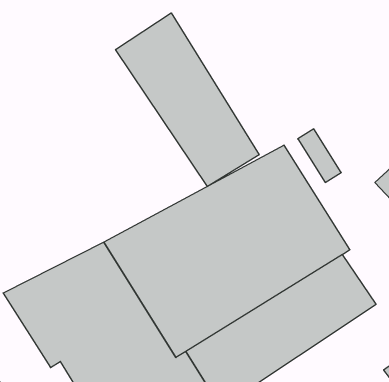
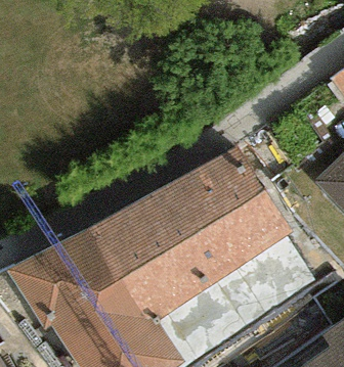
building: [116,13,259,186] -> none

